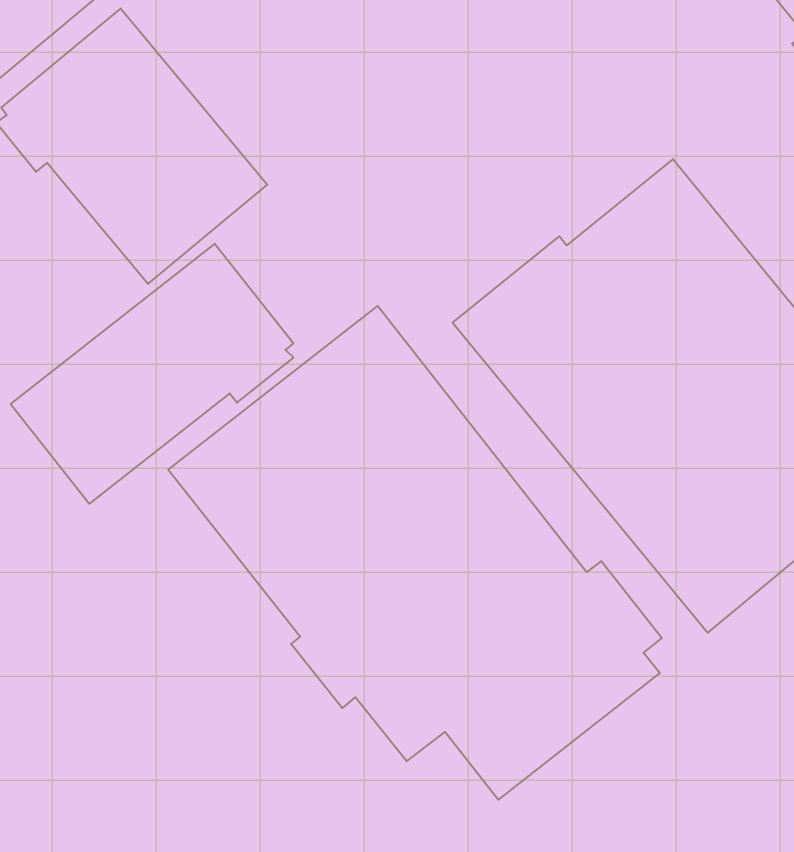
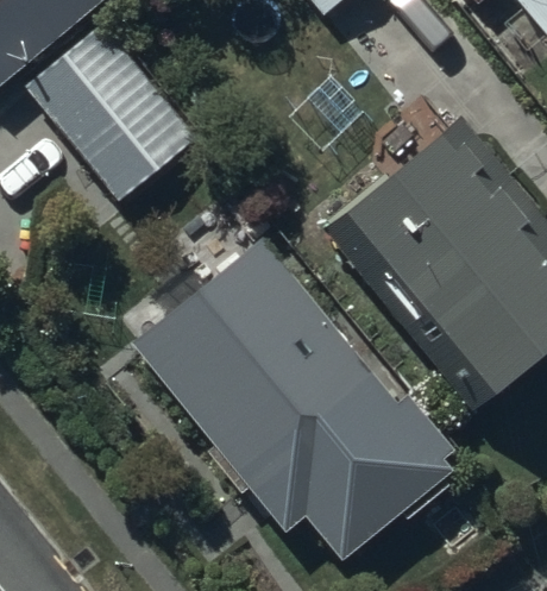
building: [11,244,293,504] -> none

